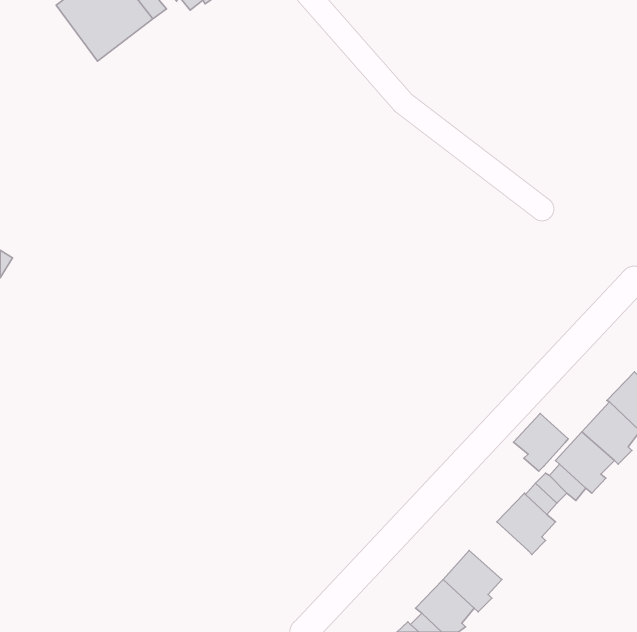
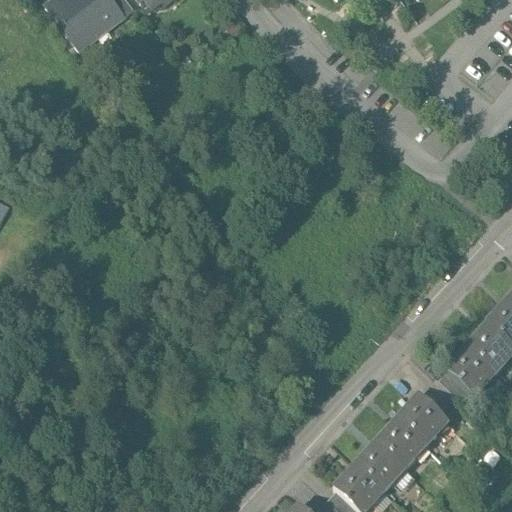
building: [513,414,568,471] -> none
building: none -> [377,417,424,466]

